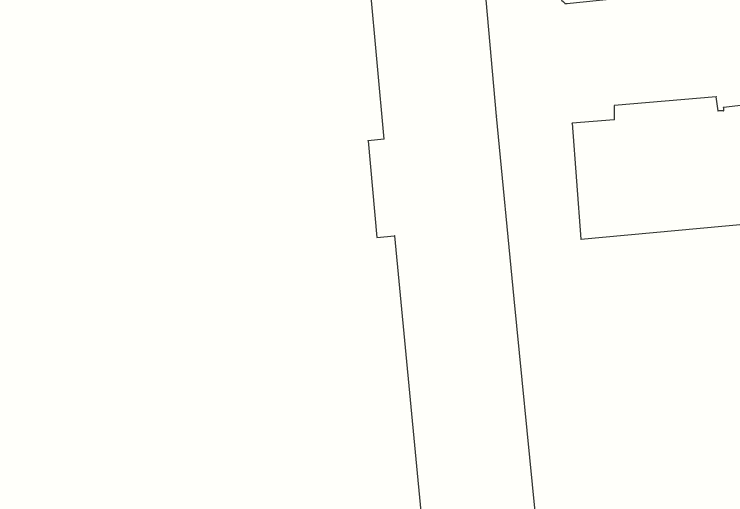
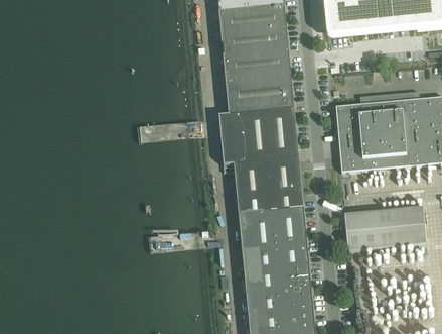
building: none -> [344,207,426,250]

